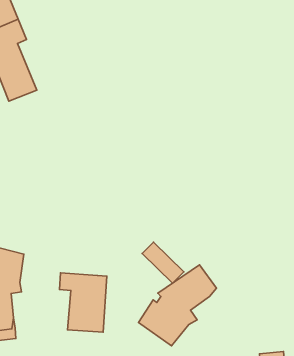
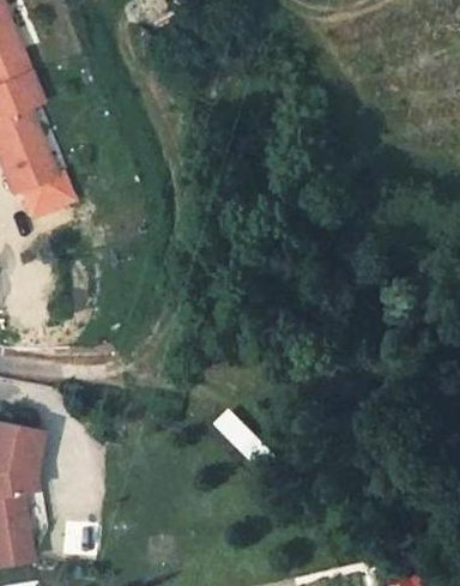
building: [138,265,217,346] -> none
building: [59,273,107,332] -> none

